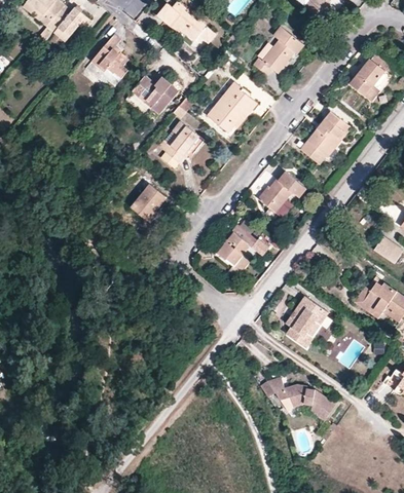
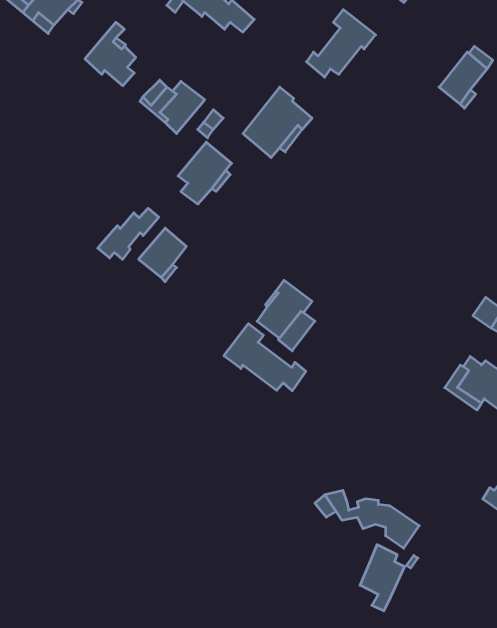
building: [300,108,350,163] -> none
building: none -> [98,208,159,259]
building: [259,172,304,211] -> none
building: none -> [224,324,306,391]
building: [287,294,329,345] -> none
building: none -> [360,545,404,611]

